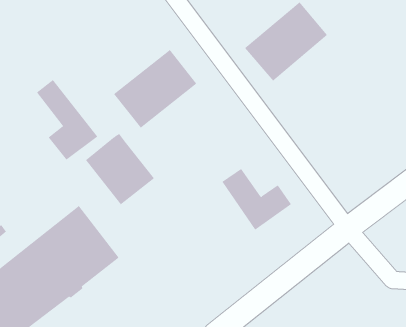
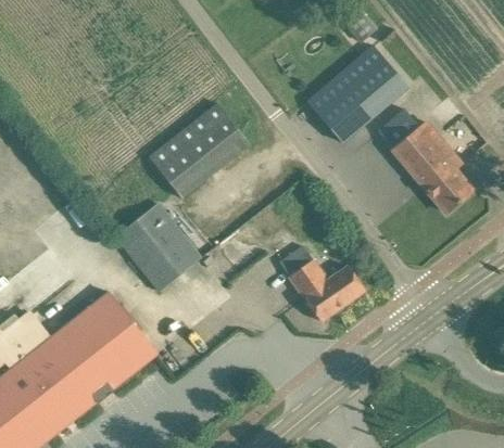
building: none -> [380,112,472,213]
building: [36,79,98,161] -> none

